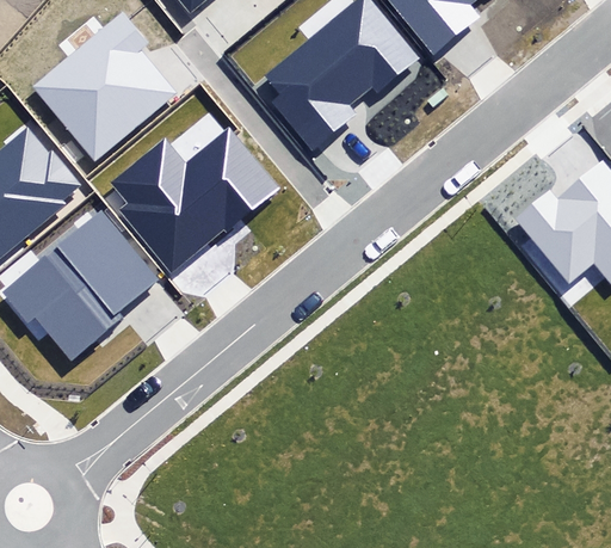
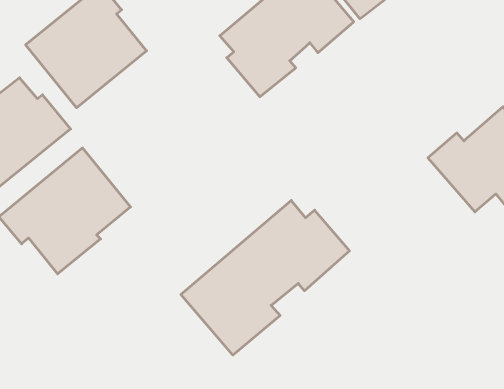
building: [105,125,279,275] -> none
building: none -> [181,200,349,355]

